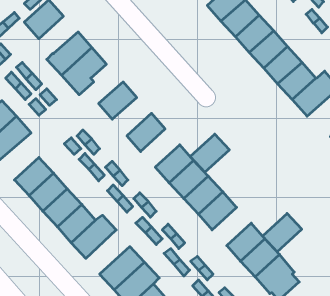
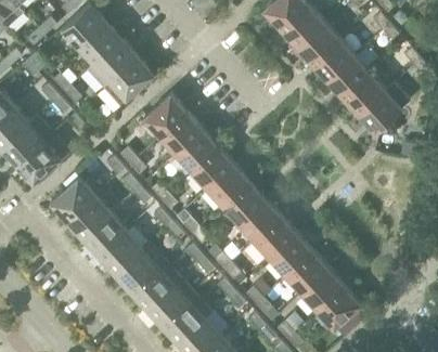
building: none -> [78,22,121,63]
building: none -> [159,112,203,154]
building: [190,134,229,172] -> [191,146,234,188]
building: [263,213,302,252] -> [270,233,313,275]
building: none -> [130,258,179,307]

